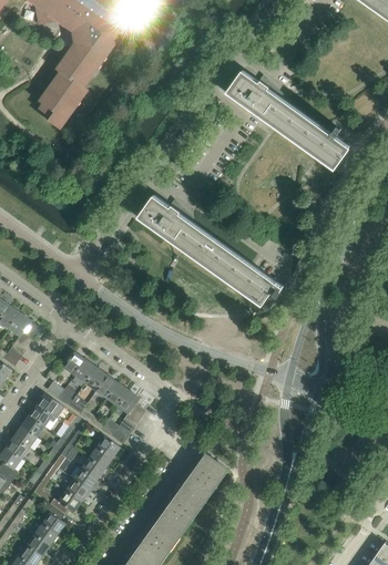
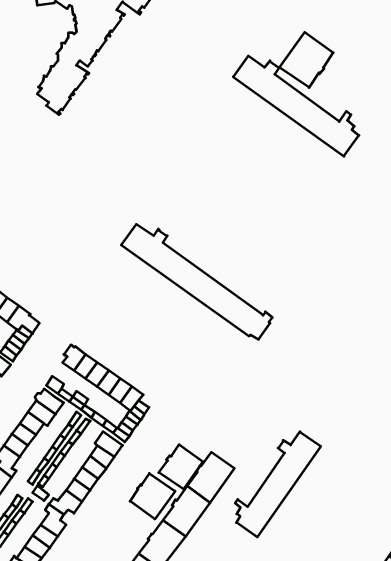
building: none -> [279,32,333,88]
building: [137,197,283,308] -> [121,224,272,339]
building: none -> [235,432,321,537]
building: none -> [159,445,203,489]
building: none -> [130,473,175,519]

